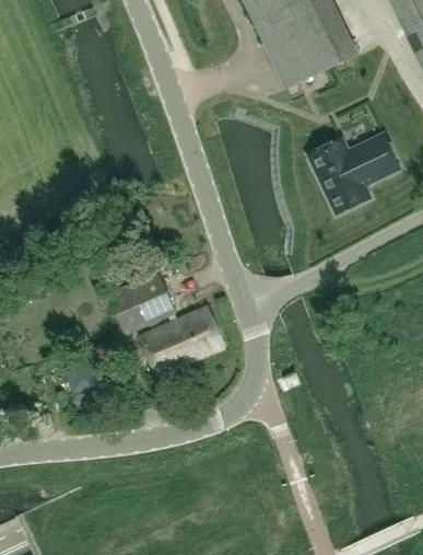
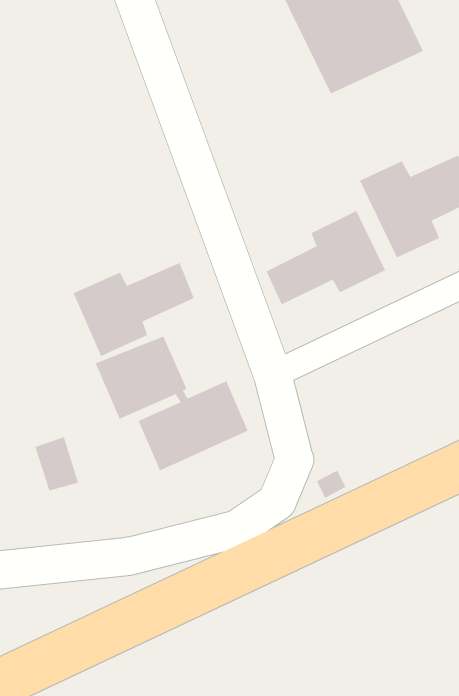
building: none -> [266,210,386,305]
building: none -> [73,262,195,357]

